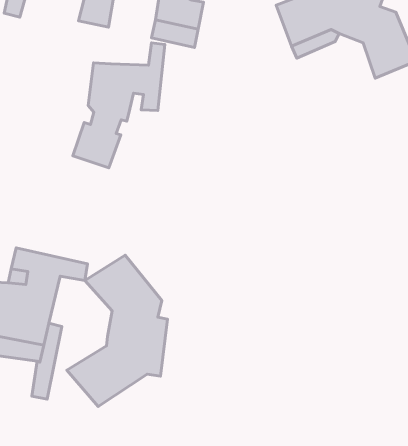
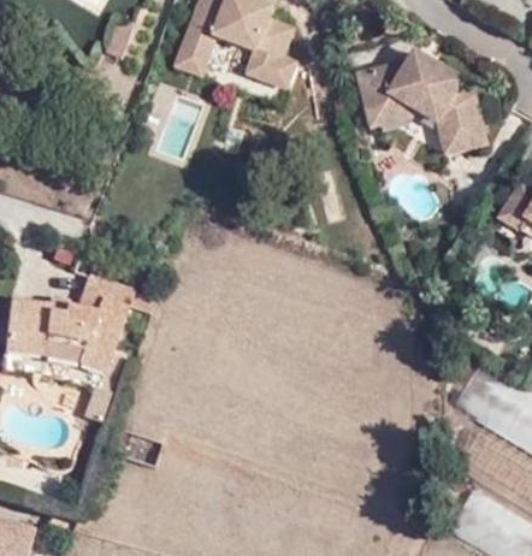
building: [73,43,165,168] -> none
building: [67,255,167,407] -> none

